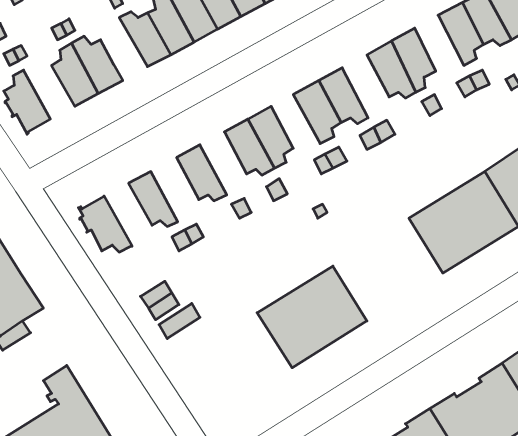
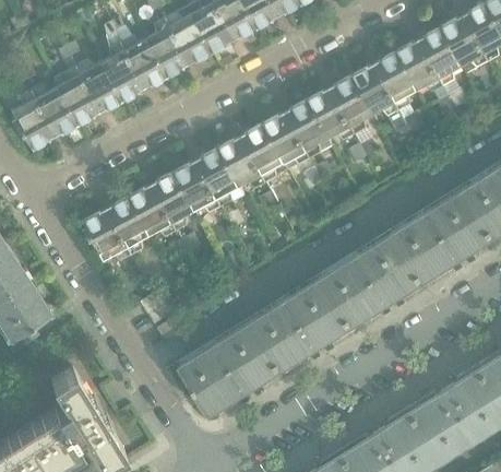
building: none -> [397,39,443,92]
building: none -> [104,42,147,101]
building: none -> [330,76,373,135]
building: none -> [32,84,80,137]
building: none -> [263,114,309,165]
building: none -> [196,149,240,208]
building: none -> [151,173,195,233]
building: none -> [107,197,156,279]
building: none -> [321,229,424,326]
building: none -> [178,318,283,415]

